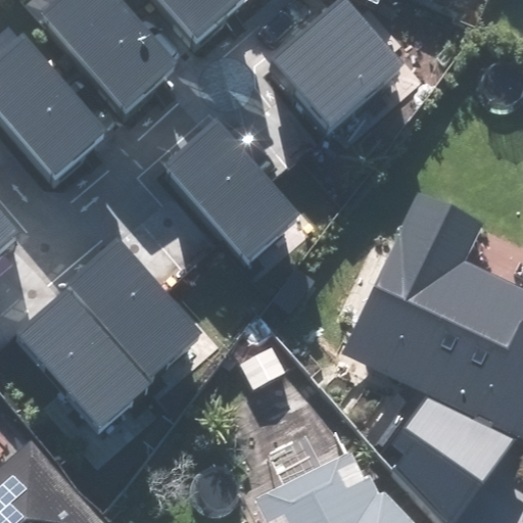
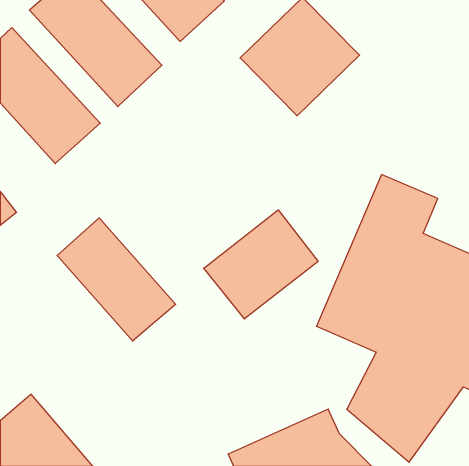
building: [157,109,298,260] -> none
building: none -> [204,210,318,319]
building: [9,284,148,427] -> none

